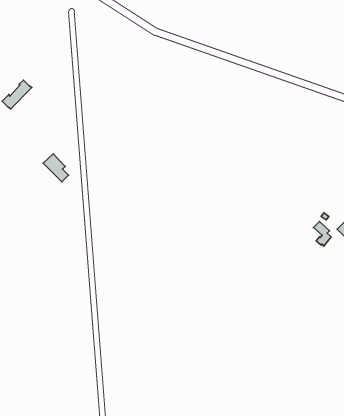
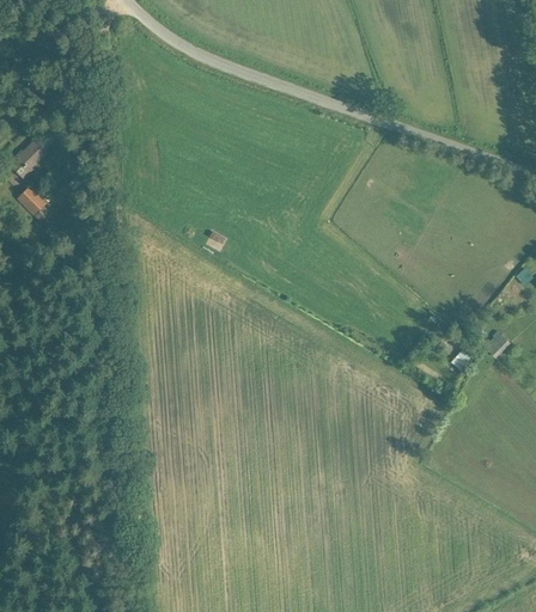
building: [43,154,69,182] -> [16,185,51,225]

